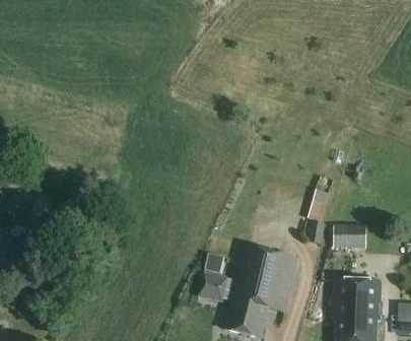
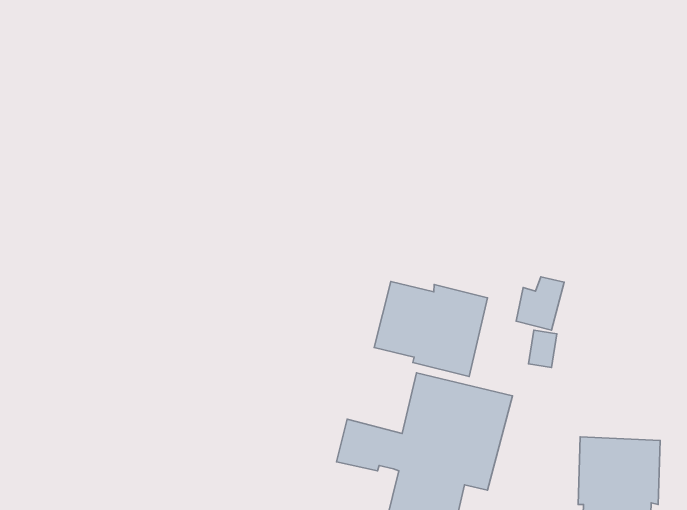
building: none -> [374,281,488,376]
building: [332,222,365,248] -> none

